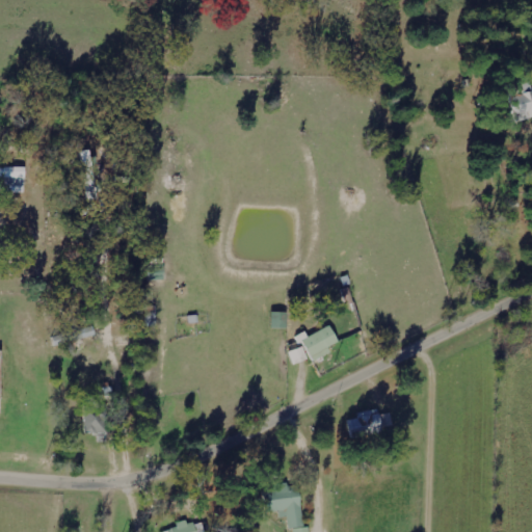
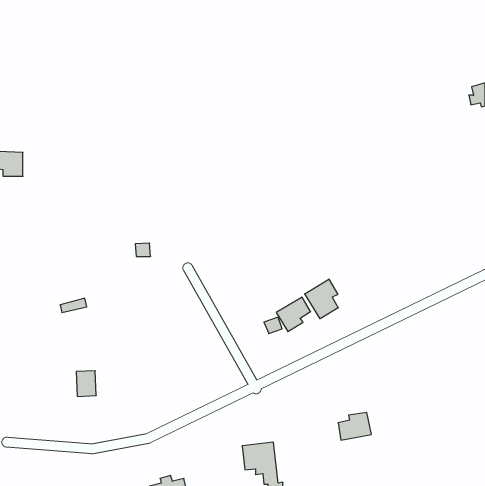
building: none -> [305,279,338,319]
building: [347,409,383,440] -> [338,412,371,440]

